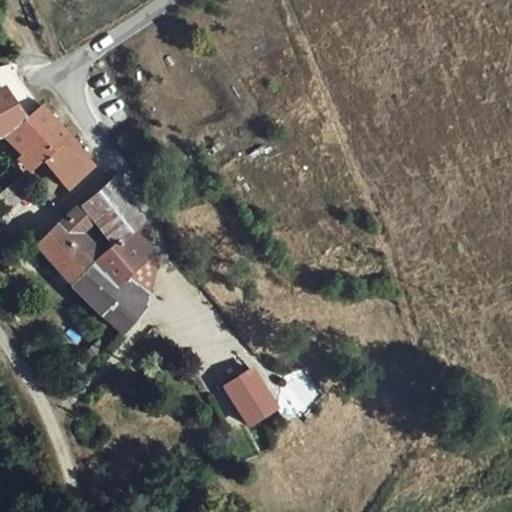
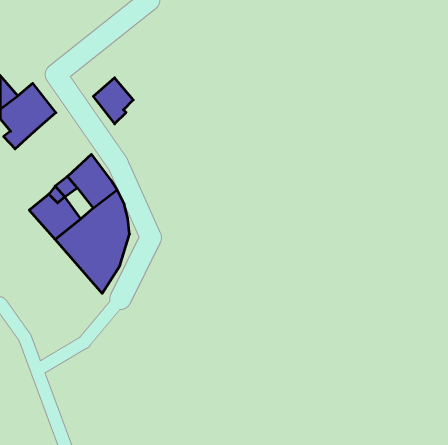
building: [45,136,90,188] -> [93,78,133,124]
building: [220,362,275,425] -> none

